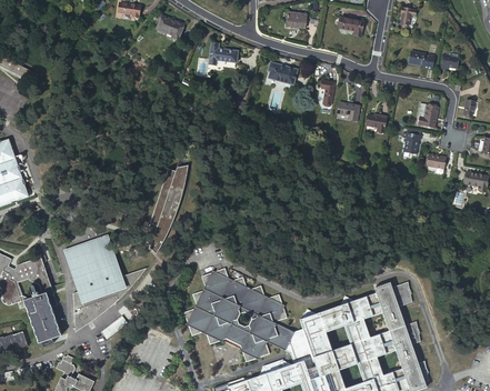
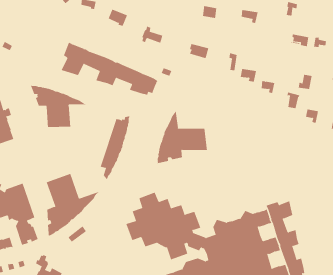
building: none -> [61,42,158,95]
building: none -> [30,84,88,128]
building: none -> [156,109,208,164]

